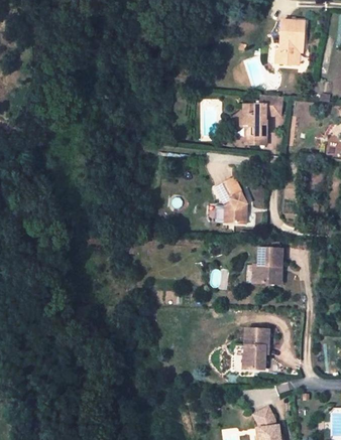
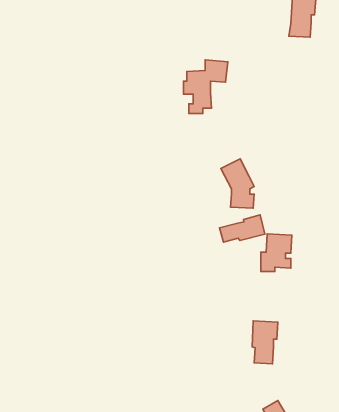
building: [241,94,282,144] -> [184,60,228,113]
building: none -> [220,215,265,242]

